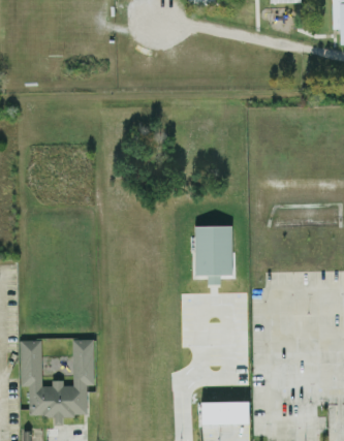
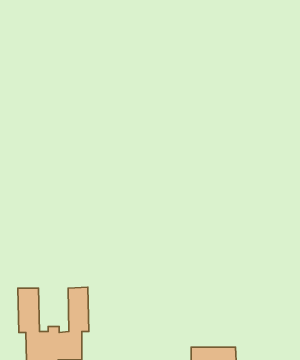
building: [194,226,232,284] -> none

